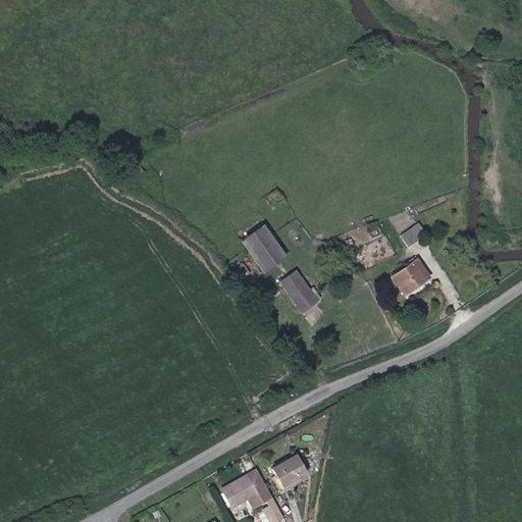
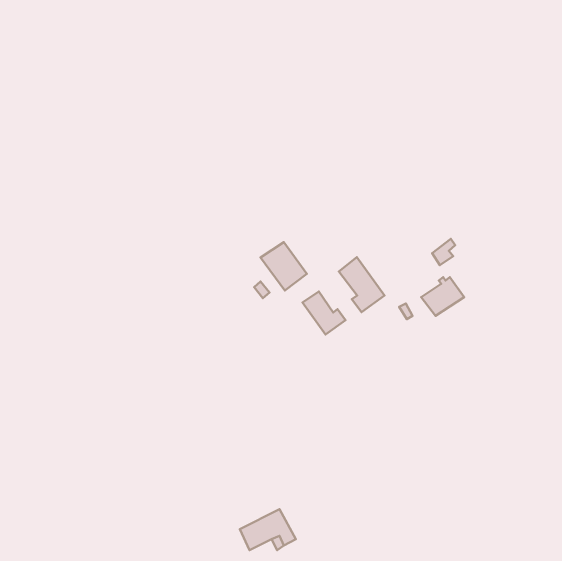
building: none -> [339,257,384,312]
building: [272,458,309,492] -> none

